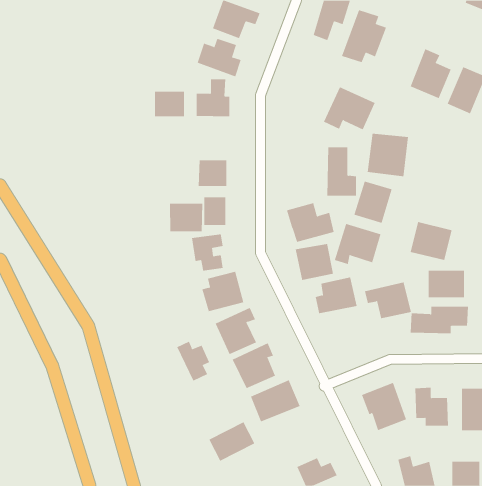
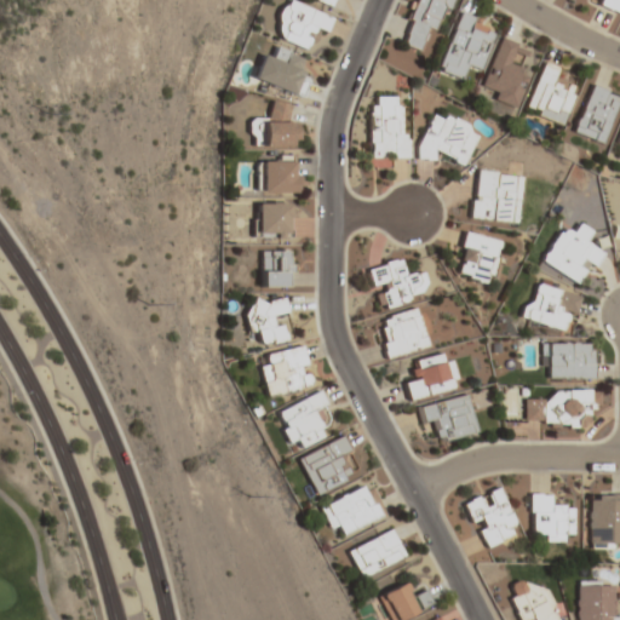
building: none -> [482,39,535,104]
building: [154,91,185,117] -> [259,160,298,193]
building: [326,147,357,196] -> [372,96,411,159]
building: none -> [544,224,602,285]
building: [169,203,203,232] -> none
building: [334,223,381,265] -> none
building: [364,282,412,319] -> [419,395,480,442]
building: [176,341,210,381] -> none
building: [209,422,255,461] -> [350,528,409,579]

